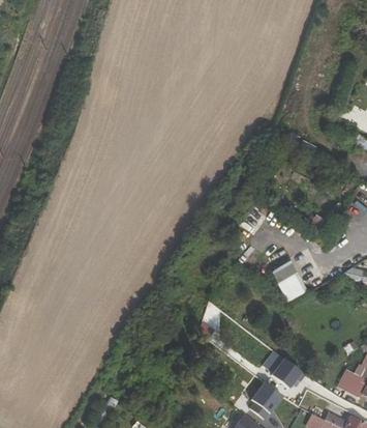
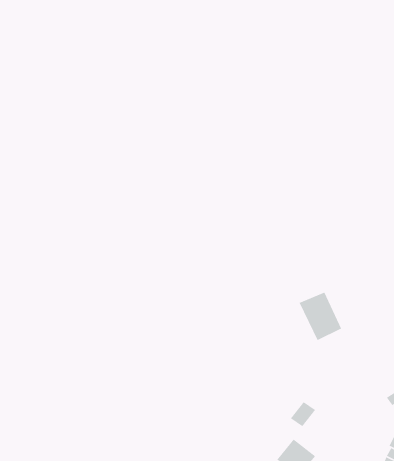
building: [273,359,304,389] -> none

